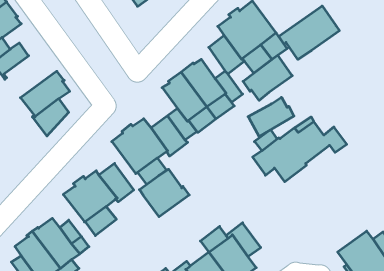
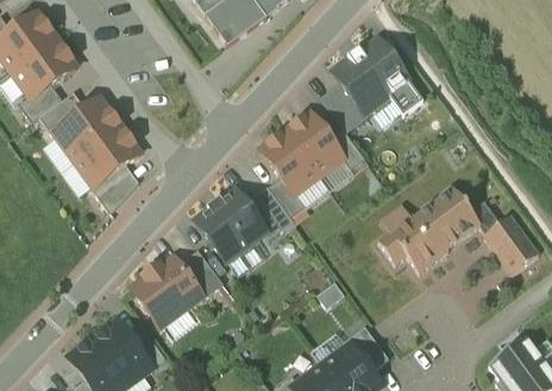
building: [279,6,339,59] -> none
building: none -> [55,99,124,163]
building: [243,55,292,100] -> none
building: [248,97,294,137] -> none
building: none -> [484,215,539,275]
building: [139,169,189,217] -> none

